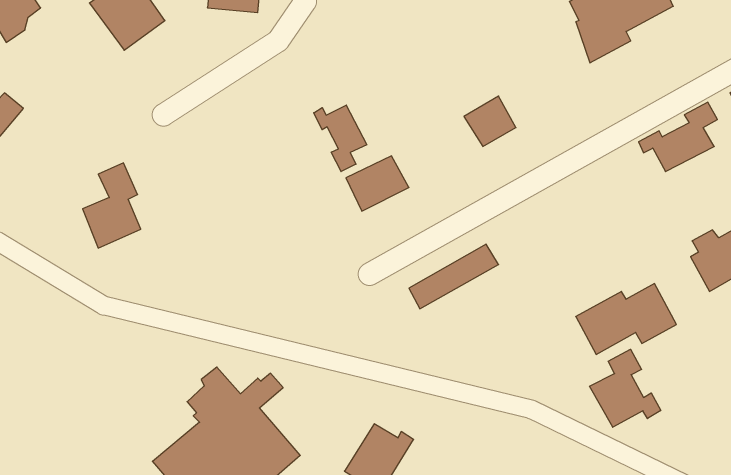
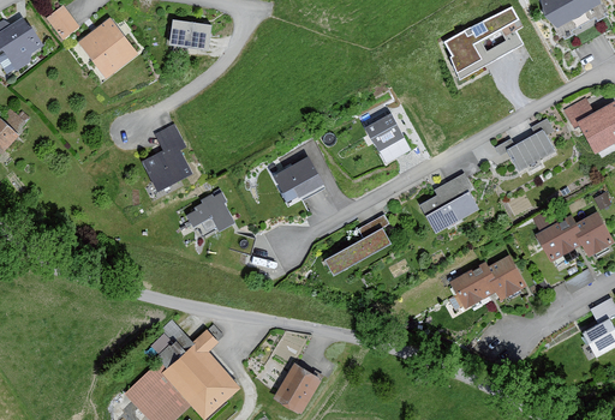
building: [314,105,367,172] -> none
building: [83,163,141,248] -> [143,125,187,190]
building: none -> [420,174,477,233]
building: none -> [187,193,232,238]
building: [590,349,661,427] -> none

